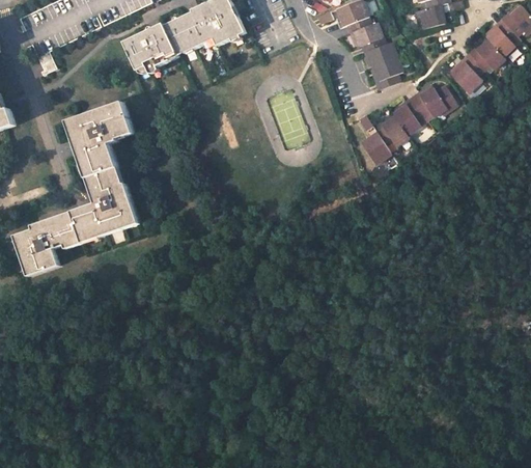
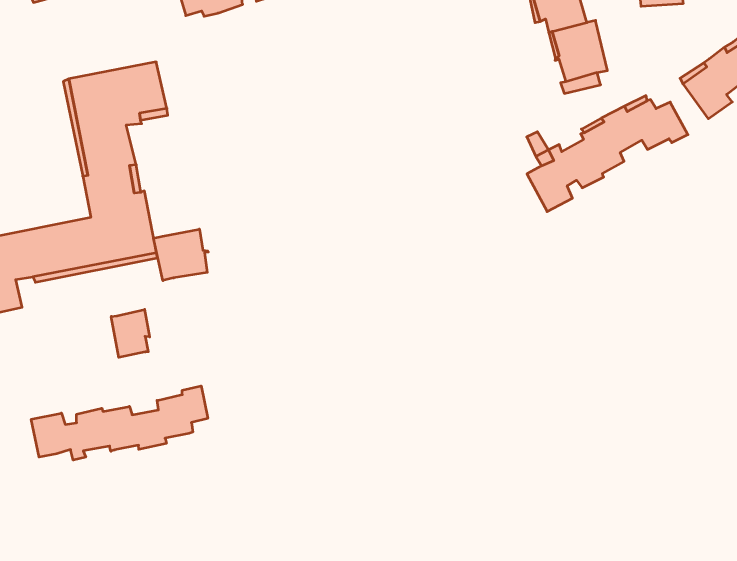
building: none -> [154,229,208,281]
building: none -> [111,309,150,357]
building: none -> [31,386,208,460]

